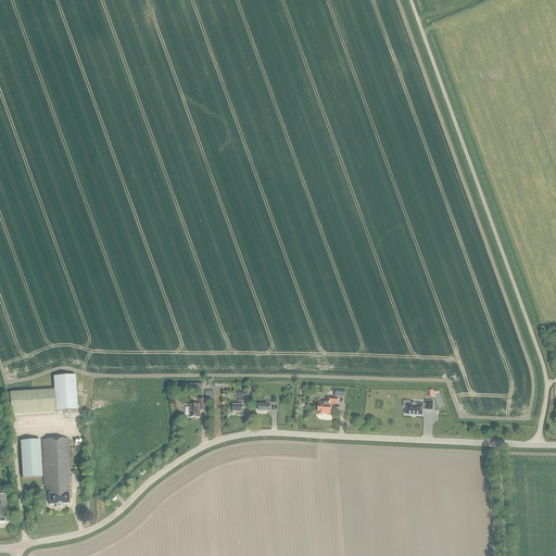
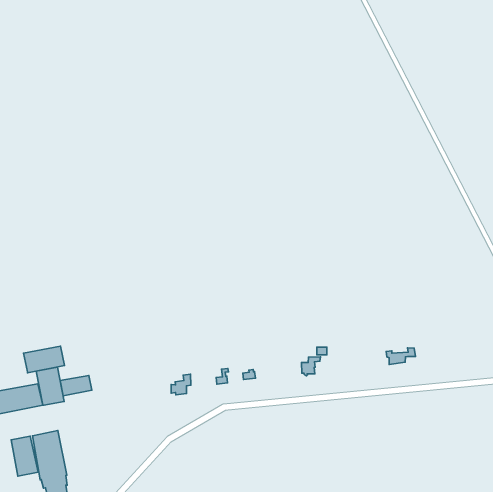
building: none -> [24,346,64,373]
building: none -> [60,376,92,396]

